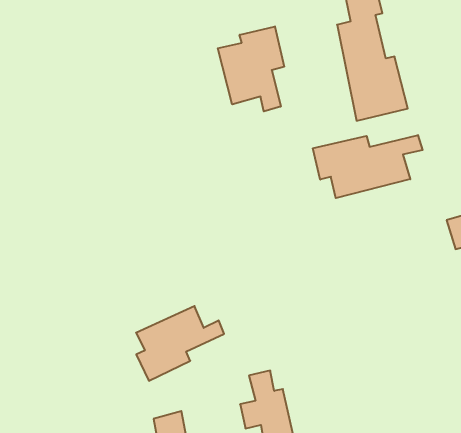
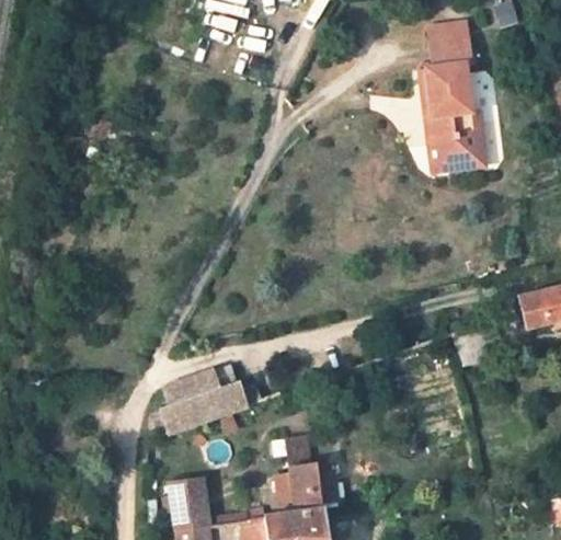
building: [218,26,284,111] -> none
building: [313,135,423,198] -> none

